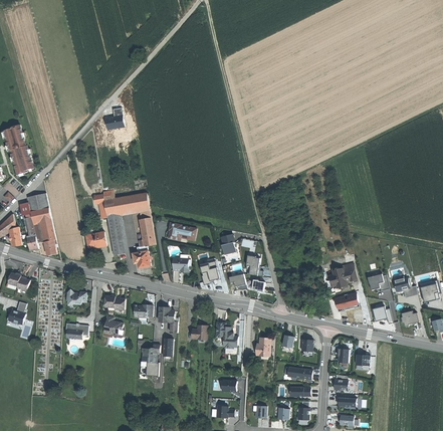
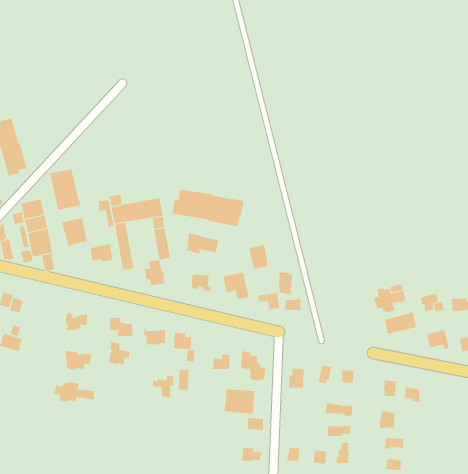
building: none -> [50,168,81,211]
building: none -> [172,189,244,227]
building: none -> [62,217,87,246]
building: none -> [53,381,95,402]
building: none -> [224,389,255,414]

